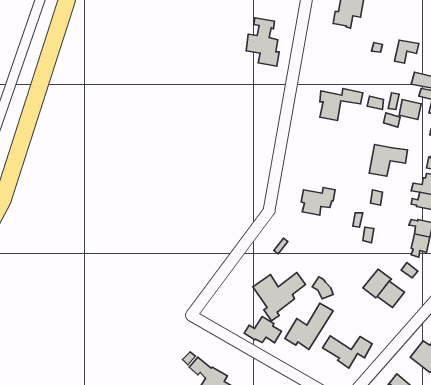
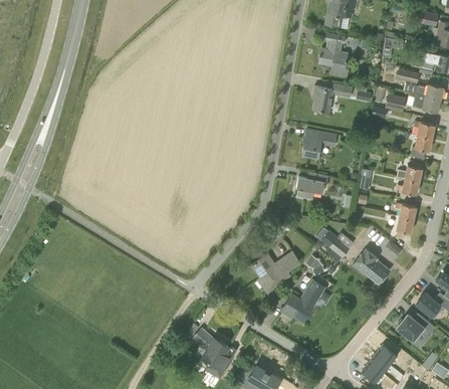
building: [246,18,279,66] -> [318,34,349,78]
building: [369,144,408,176] -> [301,130,336,159]
building: none -> [320,231,354,263]
building: [244,316,282,343] -> none
building: [322,336,372,368] -> none

